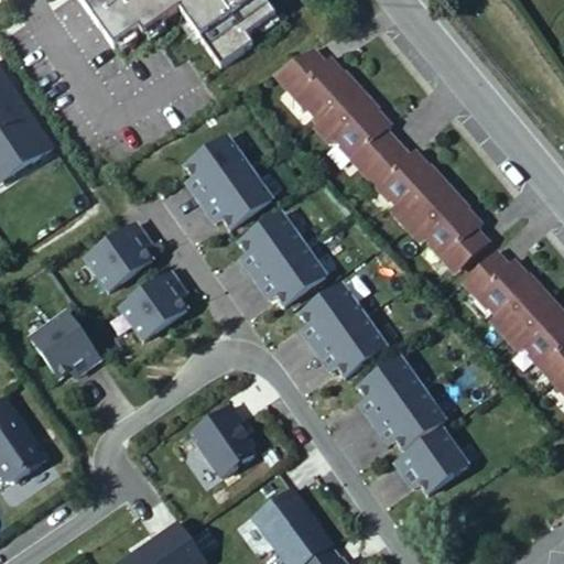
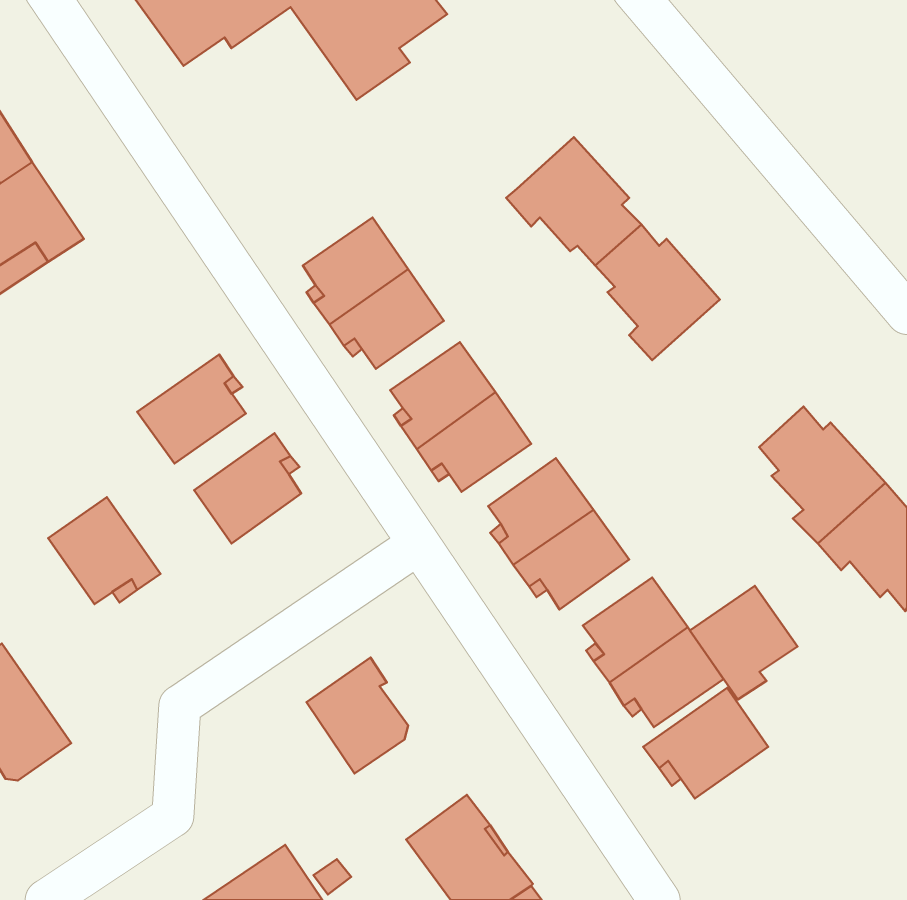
building: [280,45,355,117] -> none
building: [403,185,487,265] -> none
building: none -> [690,586,798,700]

